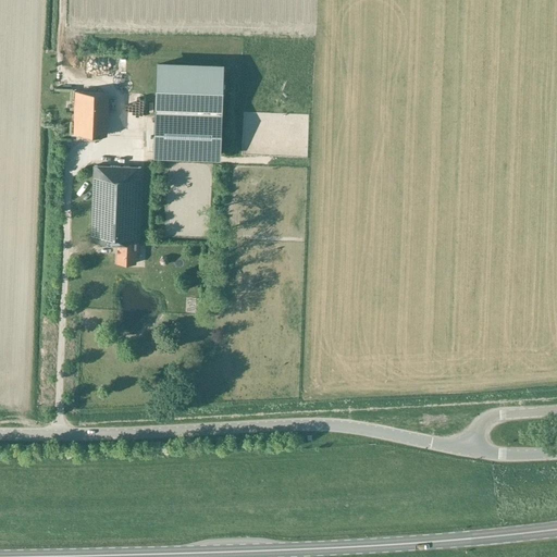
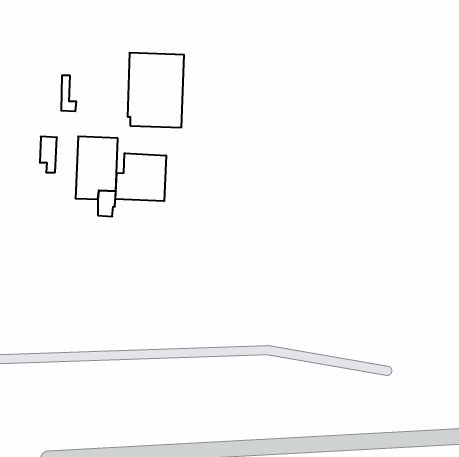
building: [84,94,104,137] -> [40,137,57,172]
building: none -> [116,153,166,201]

